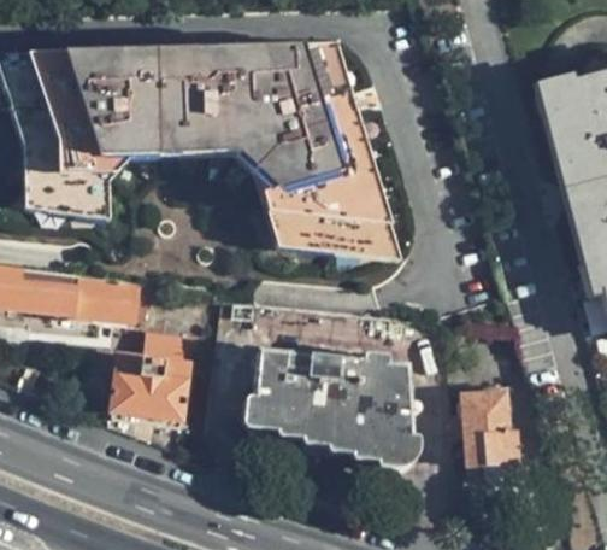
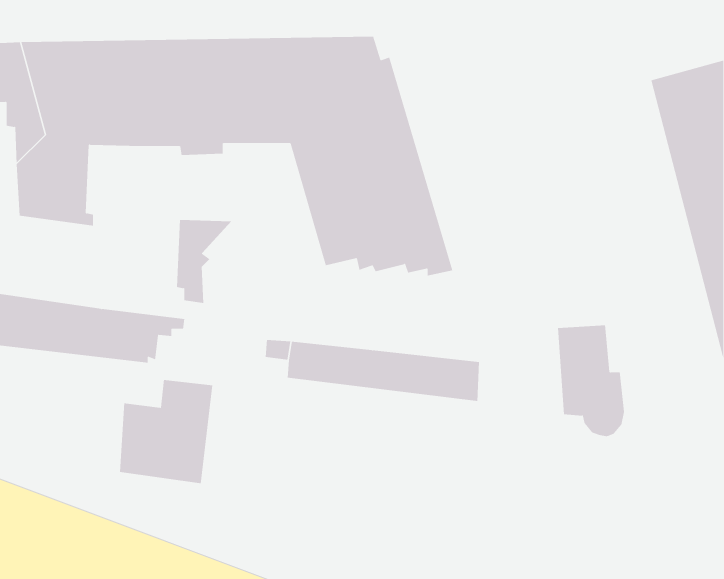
building: [84,145,130,213] -> [176,220,232,304]
building: [248,357,406,466] -> none
building: [460,393,515,485] -> [557,325,625,437]

